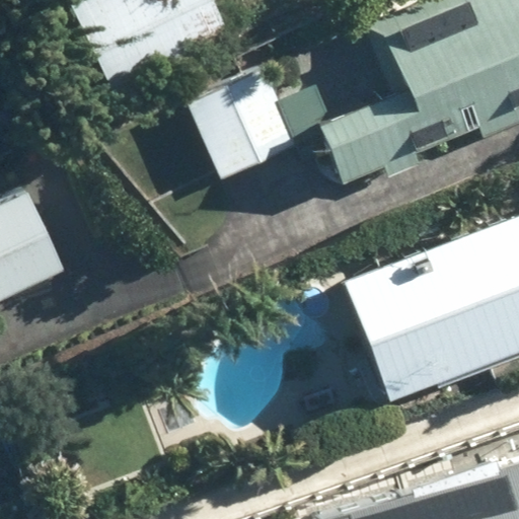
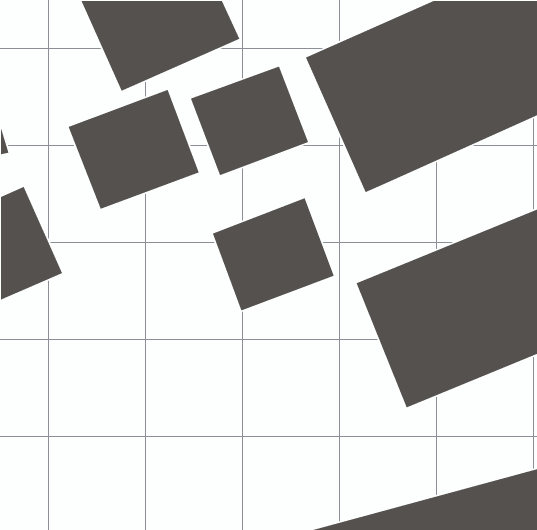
building: none -> [68,89,200,210]
building: none -> [212,197,335,311]

